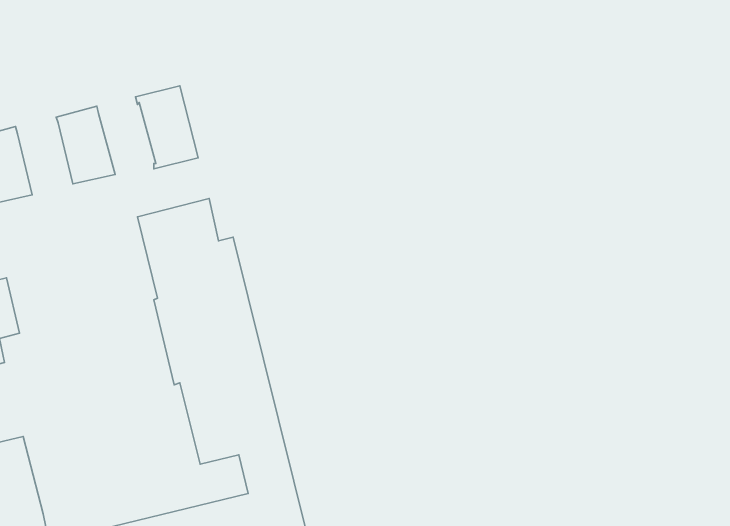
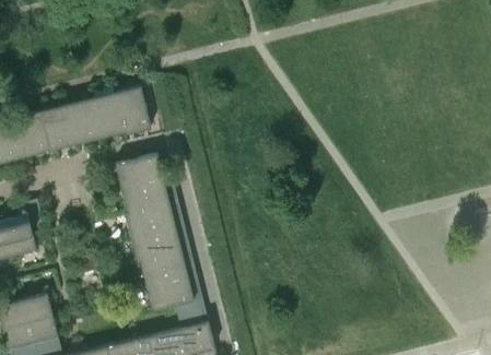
building: none -> [90,93,125,139]
building: none -> [42,105,75,151]

